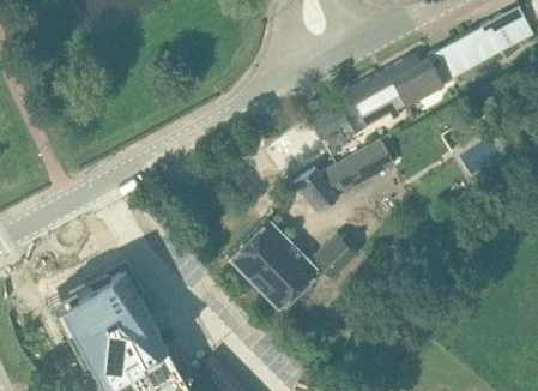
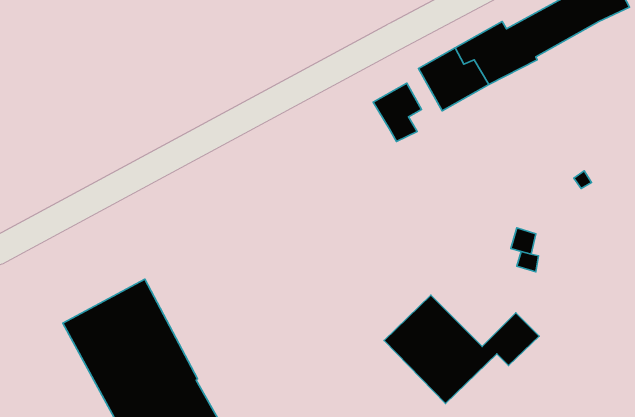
building: [292,139,395,213] -> none
building: [229,221,356,309] -> [384,295,539,403]

